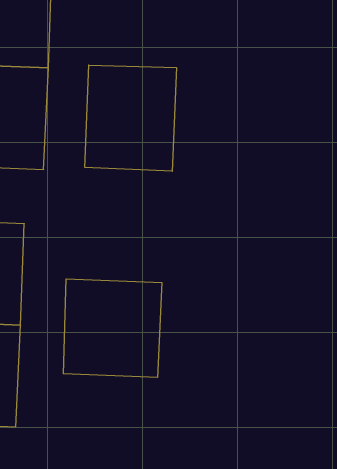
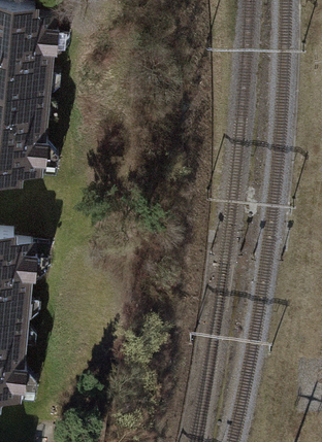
building: [85,65,176,171] -> none
building: [63,279,162,377] -> none

